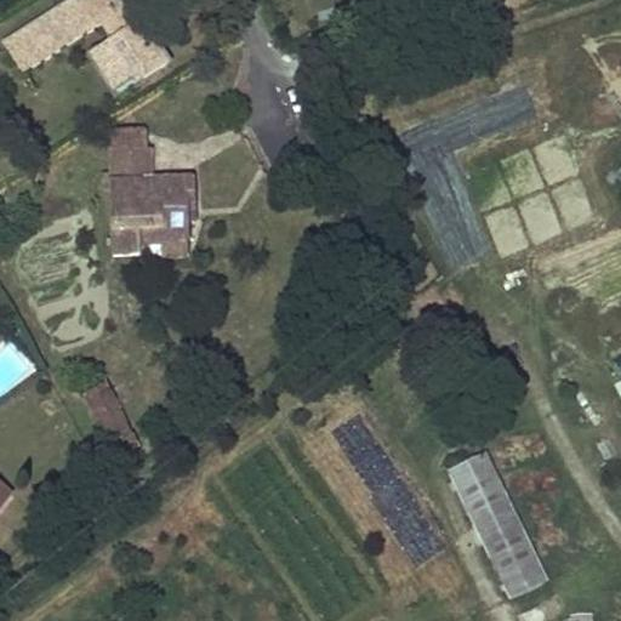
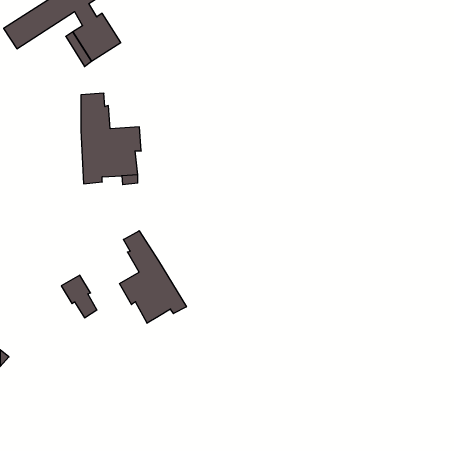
building: none -> [120,231,186,323]
building: [450,455,546,598] -> none

